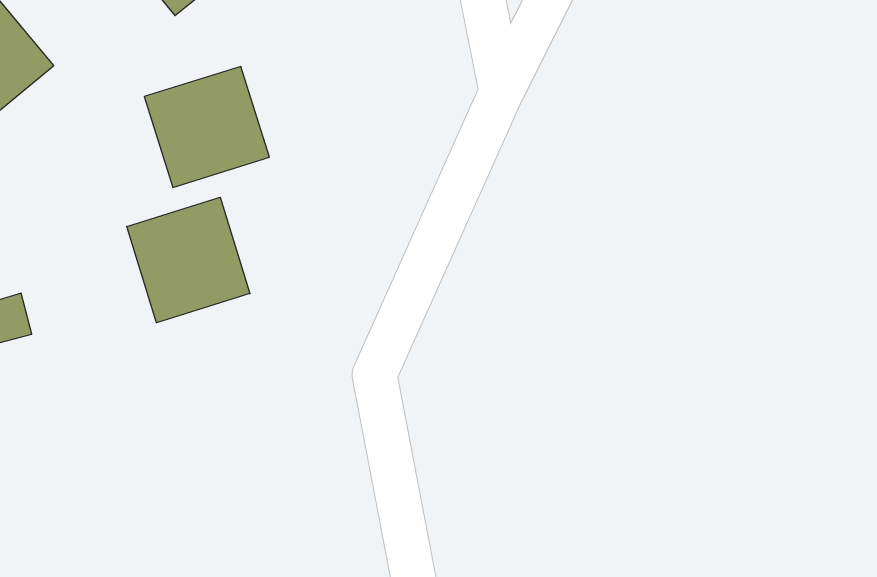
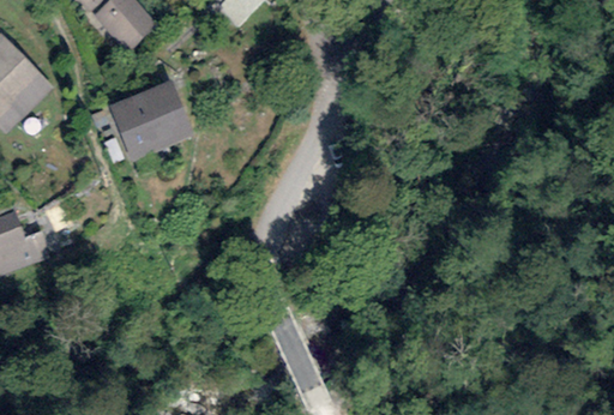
building: [127,197,250,323] -> none

